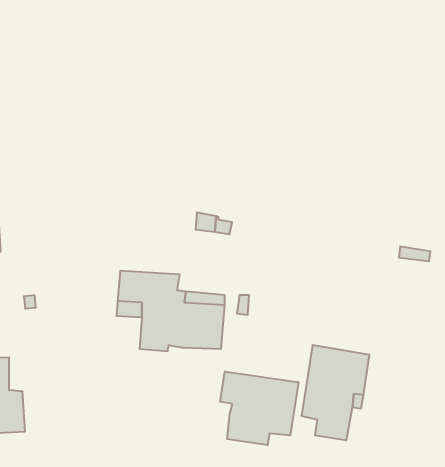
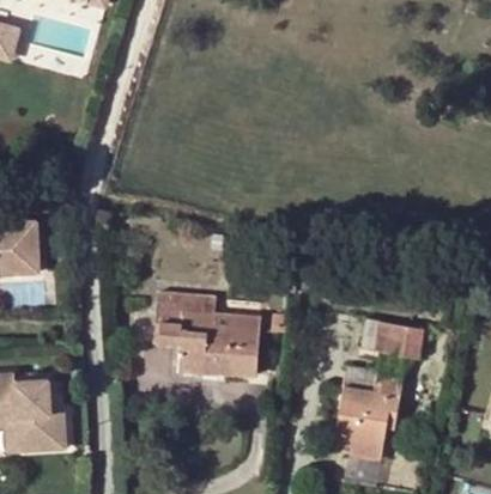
building: none -> [363,317,424,358]
building: [220,371,298,445] -> none

